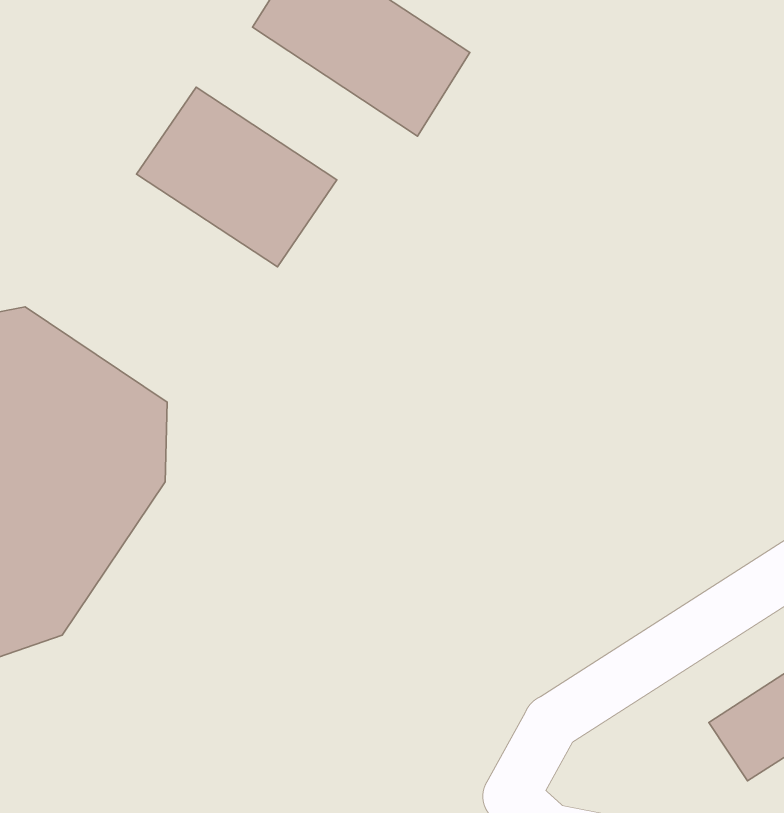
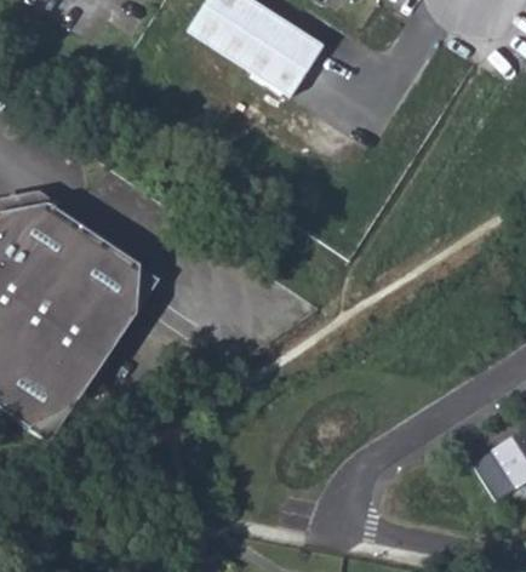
building: [137,87,337,267] -> none

